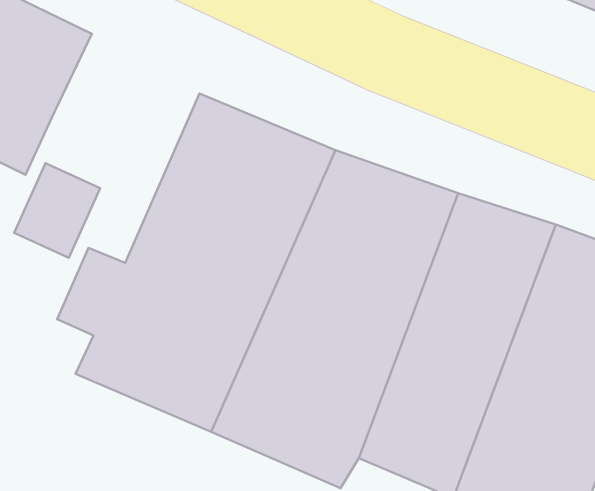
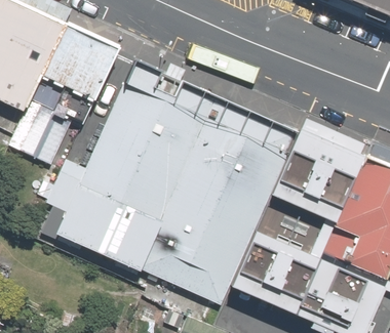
building: none -> [42,26,119,101]

